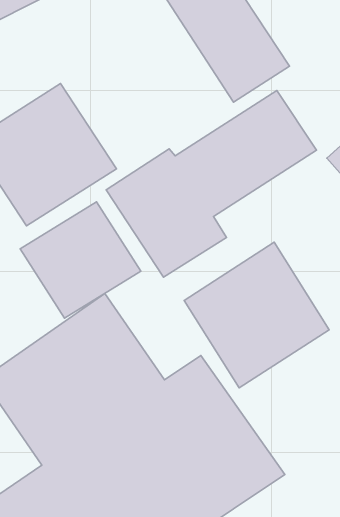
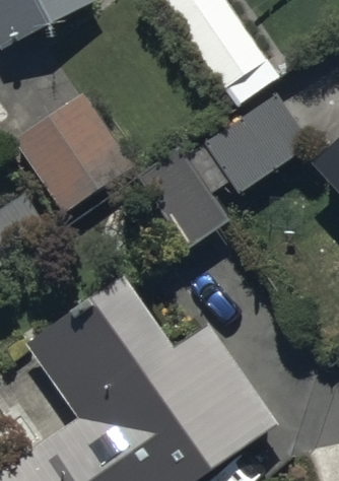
building: [20,202,141,318] -> none
building: [184,242,329,388] -> none

